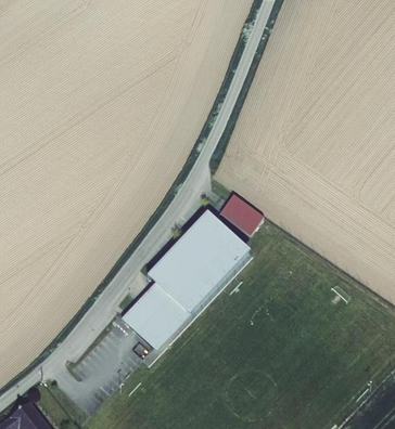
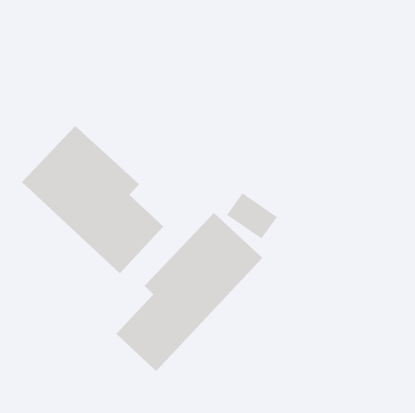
building: none -> [21,125,164,274]

